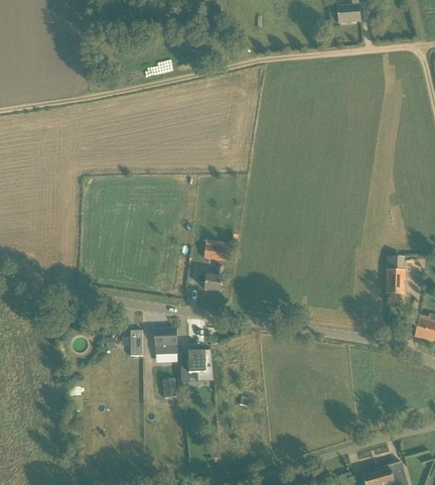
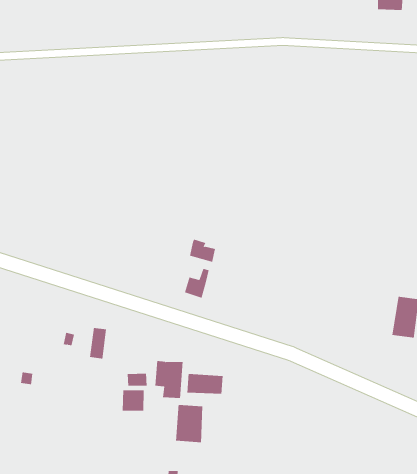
building: [154,328,177,351] -> none
building: none -> [187,373,223,394]
building: none -> [175,404,203,443]

